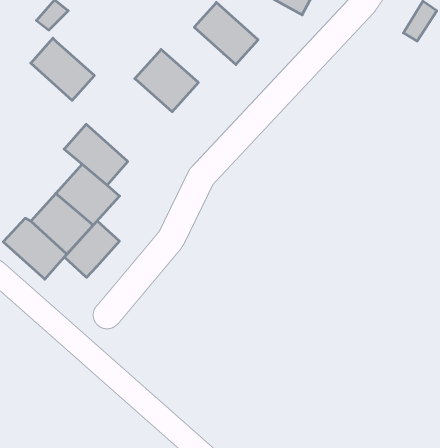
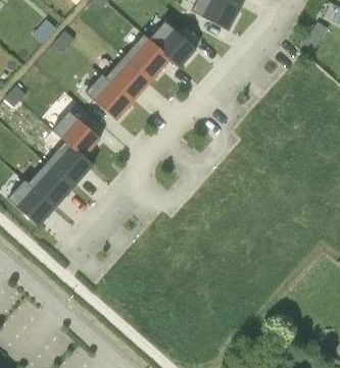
building: none -> [125,35,171,81]
building: [31,38,94,100] -> [86,74,133,120]
building: [64,221,119,277] -> none

